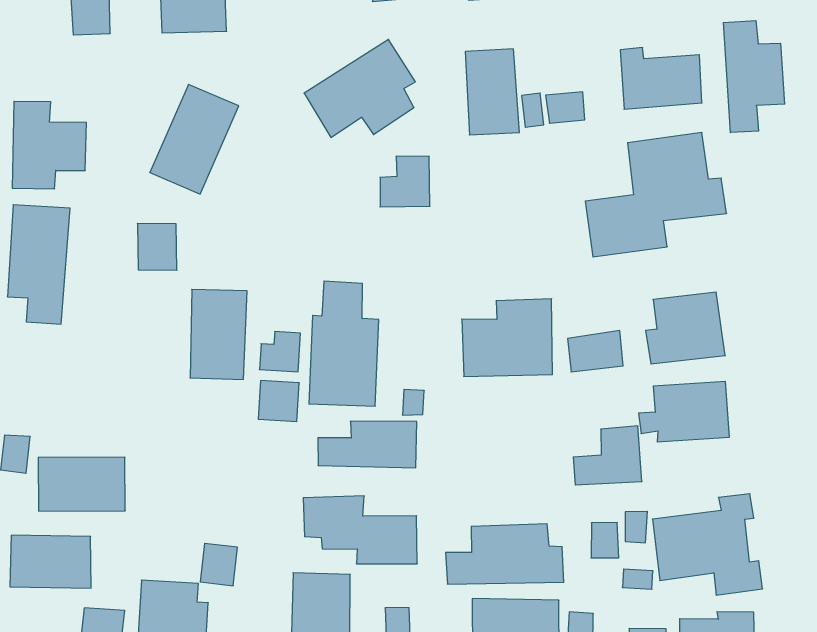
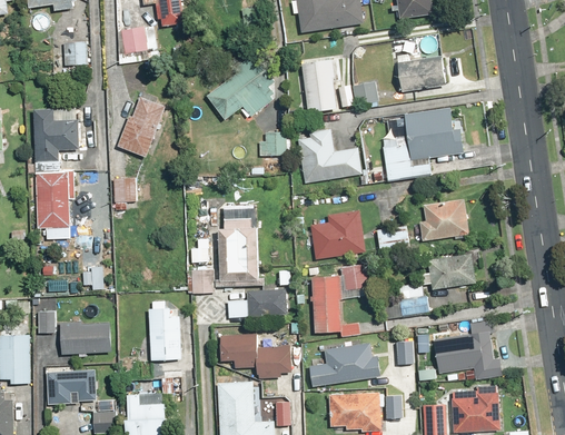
building: [723,21,785,133] -> none
building: none -> [298,125,359,182]
building: [190,289,247,379] -> [147,306,181,360]
building: none -> [313,265,367,336]

